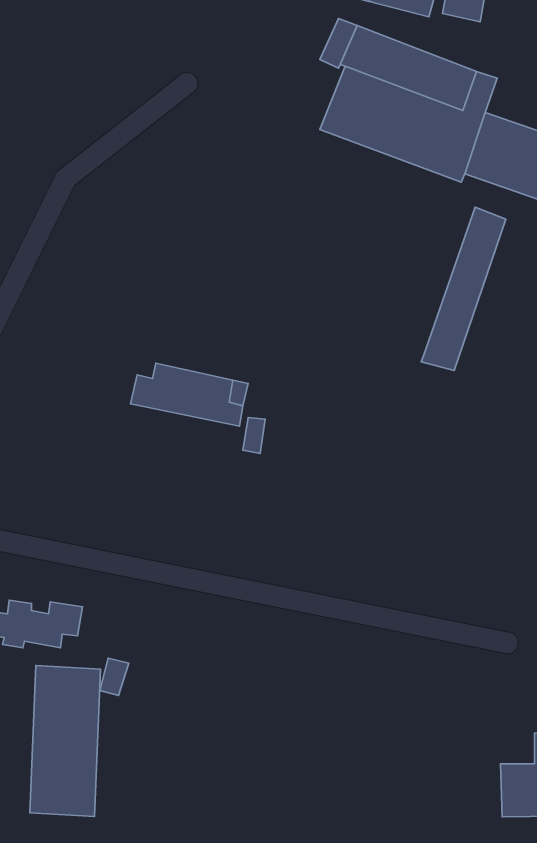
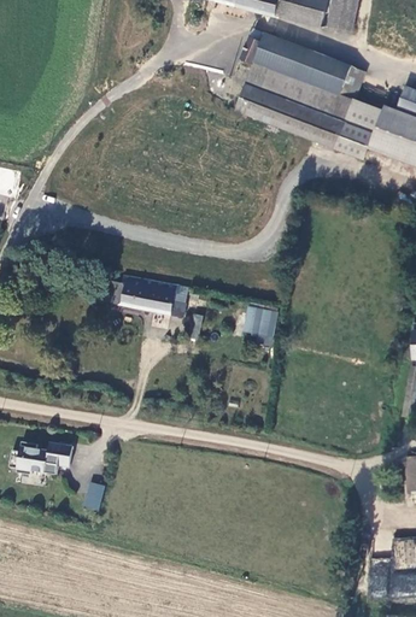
building: [421,207,506,371] -> none
building: none -> [245,305,280,335]
building: [30,665,101,816] -> none

